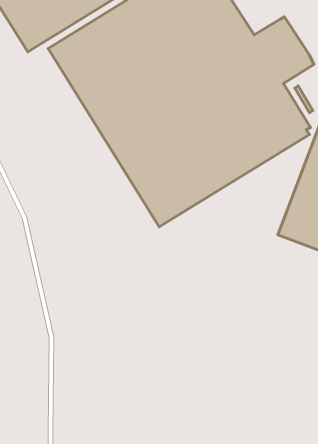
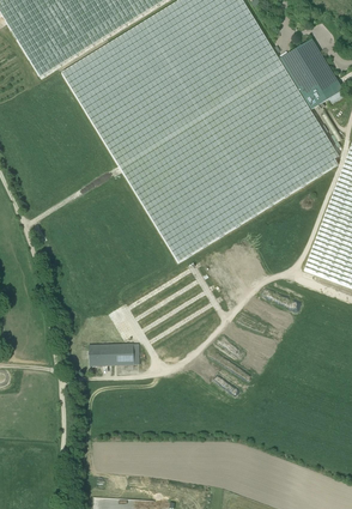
building: none -> [89,343,139,364]

